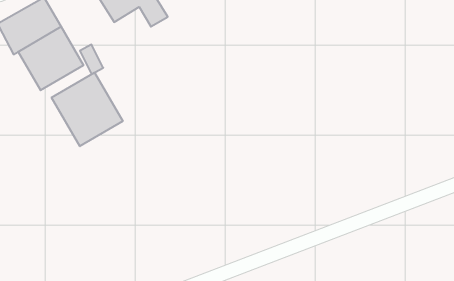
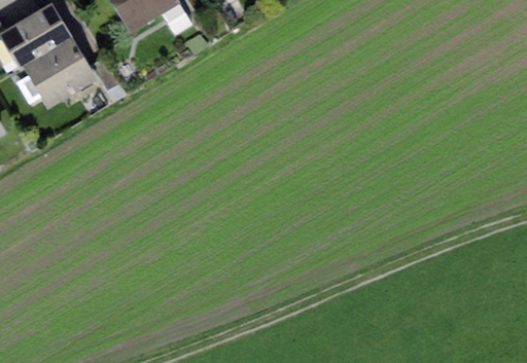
building: [52,73,123,146] -> none

